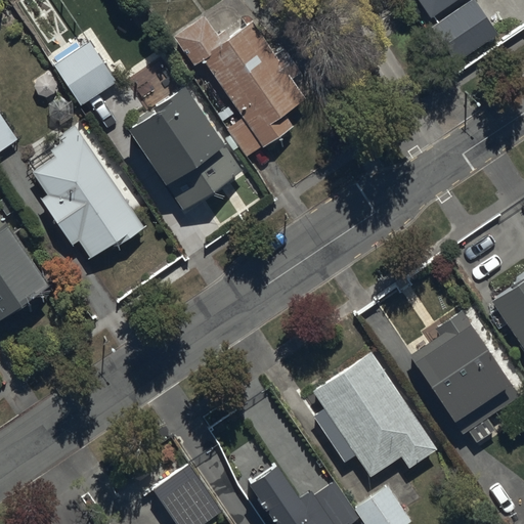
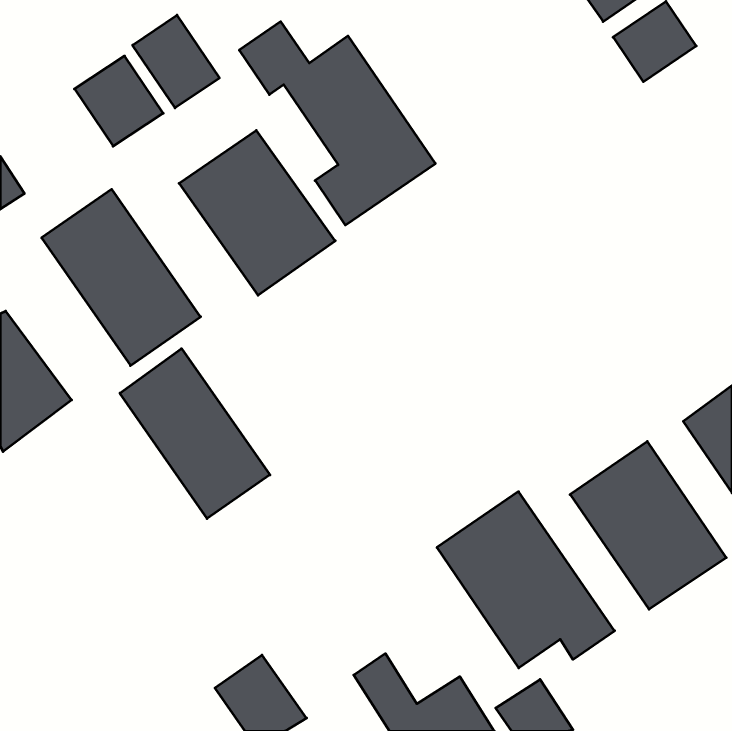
building: none -> [133,15,219,108]
building: none -> [120,349,270,519]

